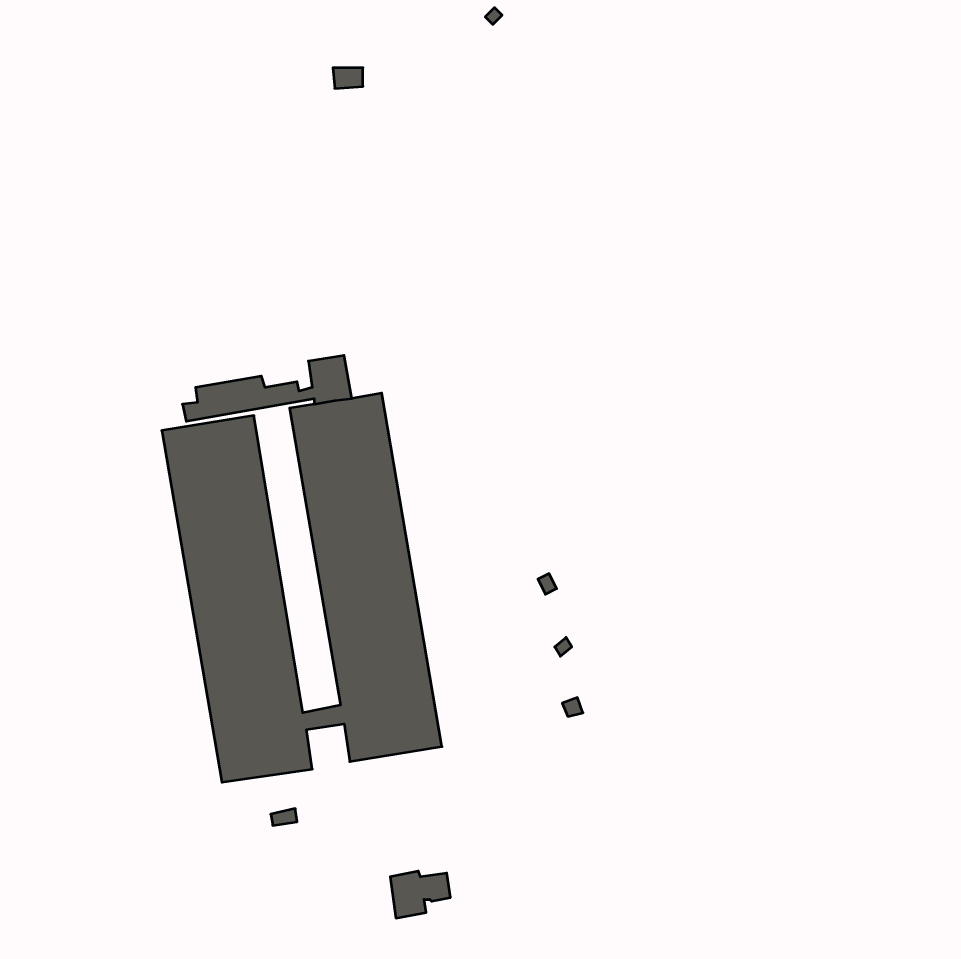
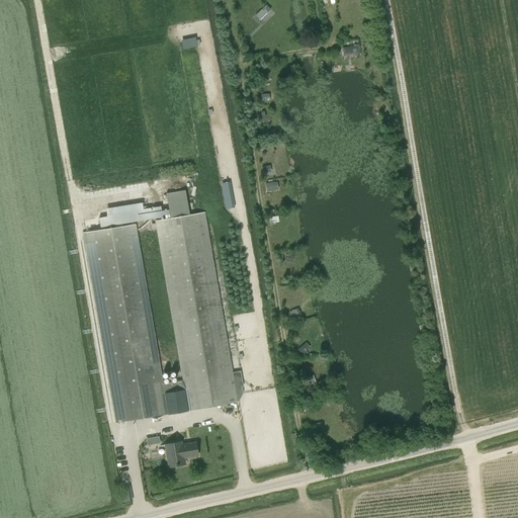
building: [390,871,450,918] -> [166,441,198,466]

